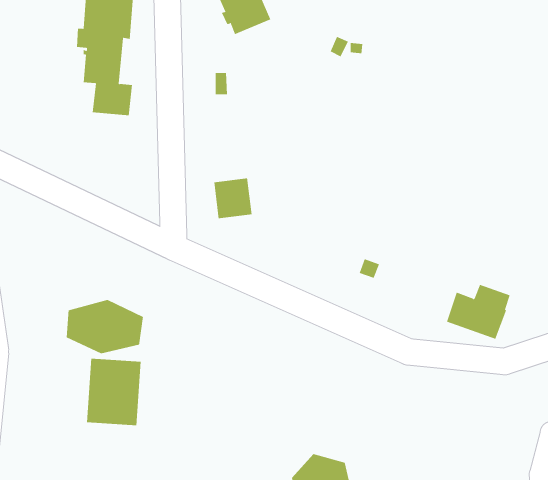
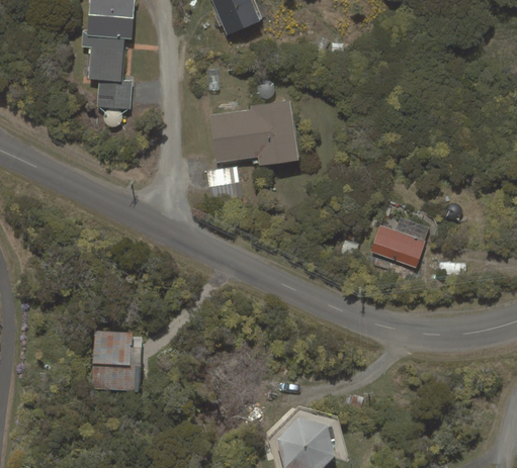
building: none -> [210,100,299,166]
building: [446,284,510,340] -> [370,217,429,268]
building: [66,299,143,354] -> none

